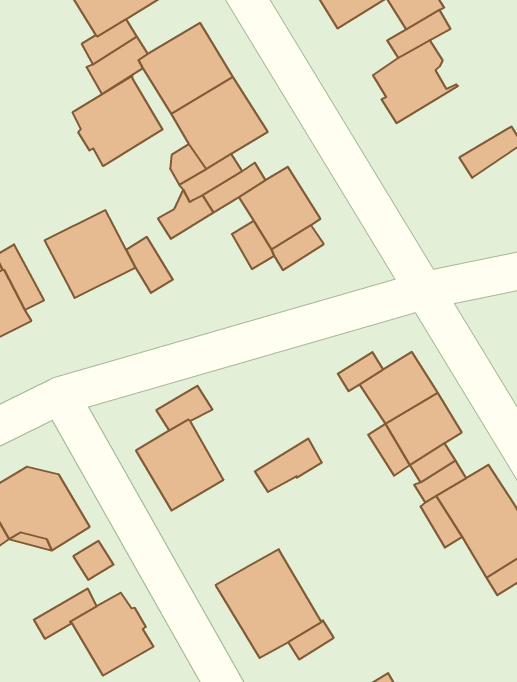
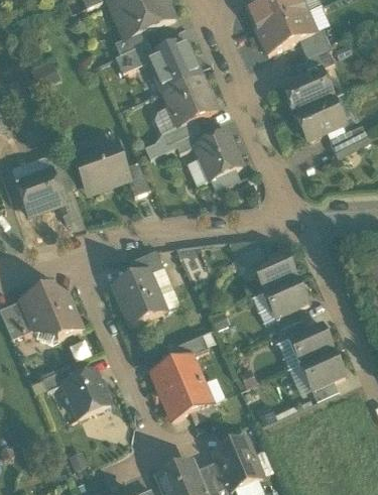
building: [73,76,163,166] -> none
building: none -> [294,97,345,139]
building: [255,439,322,492] -> [167,335,208,363]

